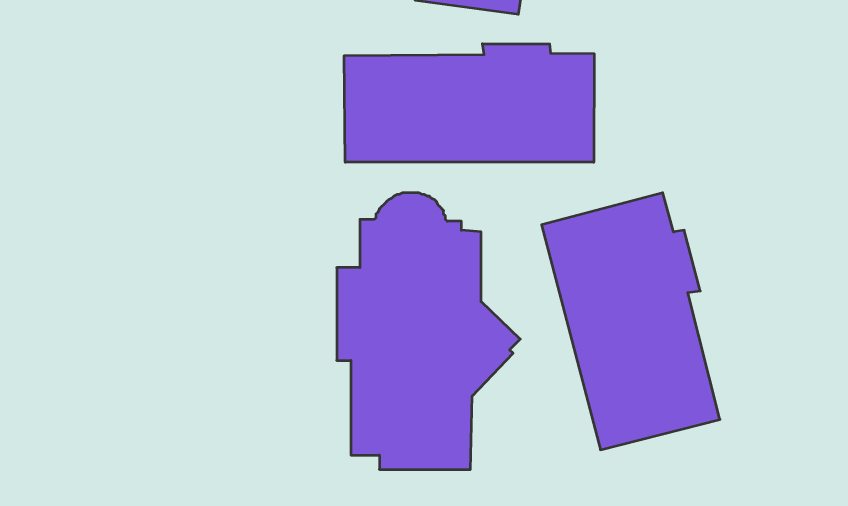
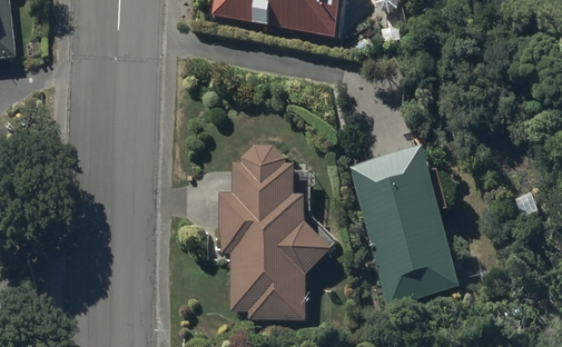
building: [344,44,594,162] -> none

